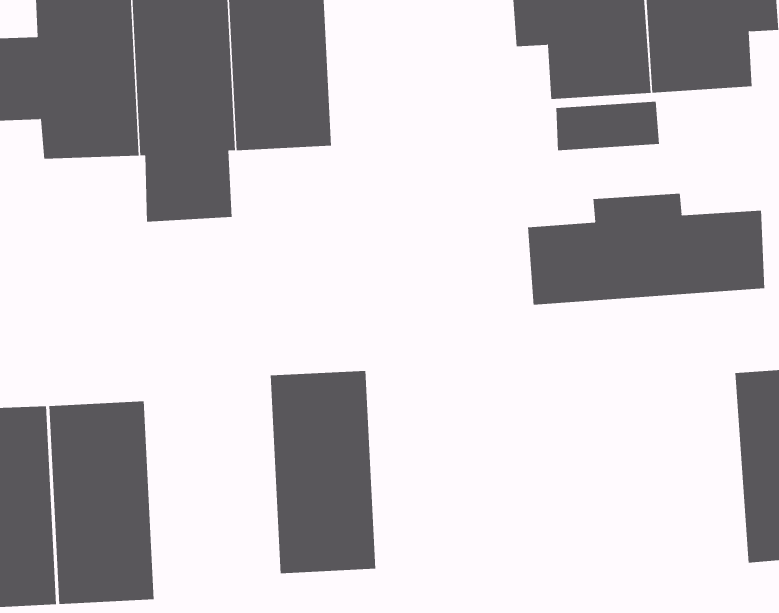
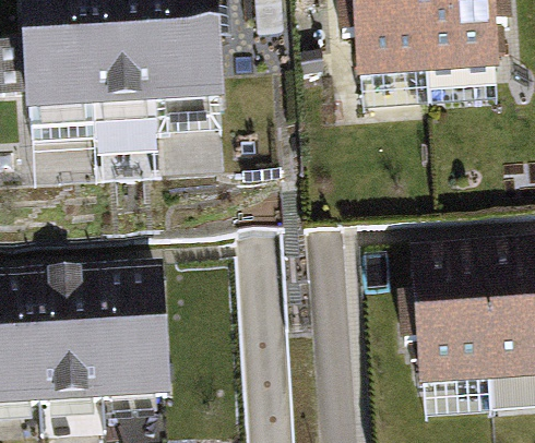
building: [528,193,765,305] -> none
building: [270,370,376,574] -> [100,297,170,431]
building: none -> [405,282,498,411]

